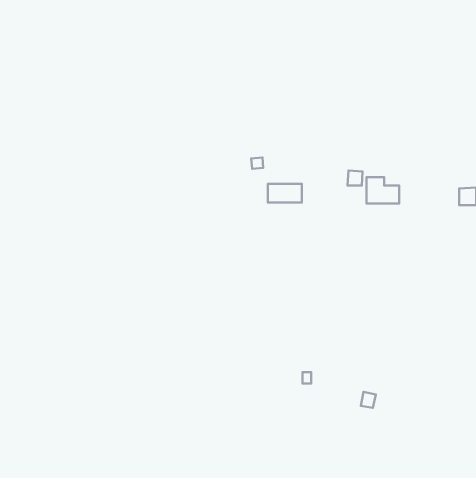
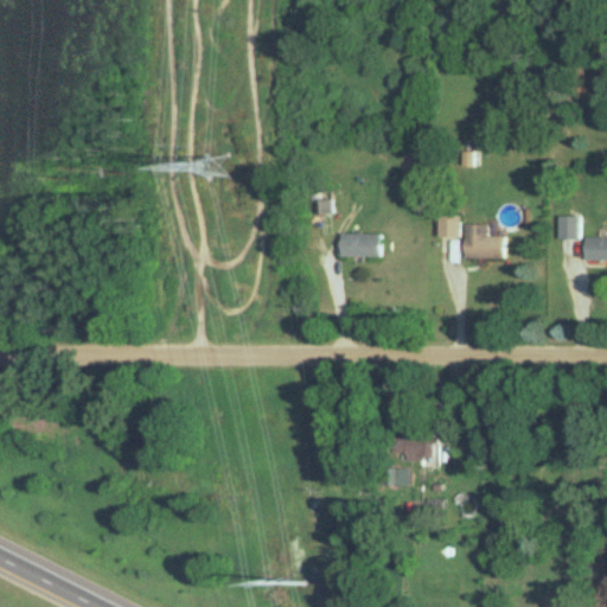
building: none -> [557,216,580,238]
building: none -> [389,436,432,460]

